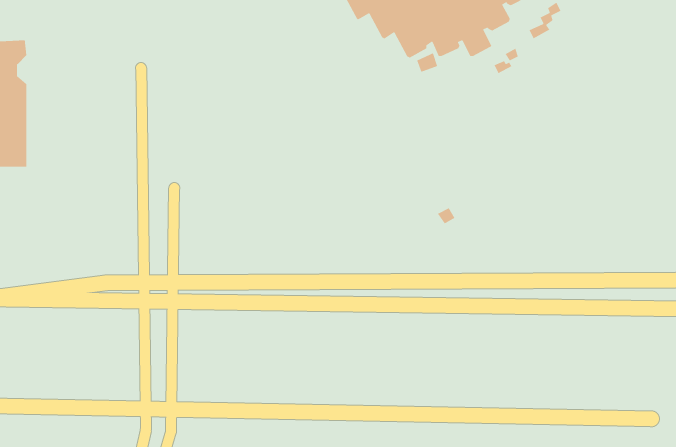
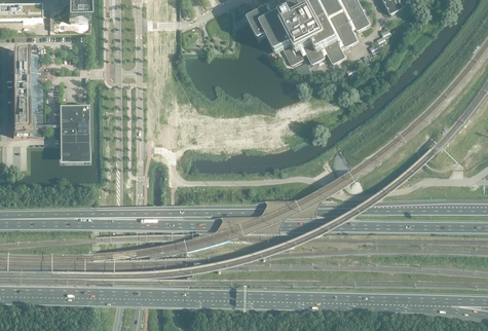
building: none -> [58,103,88,159]

